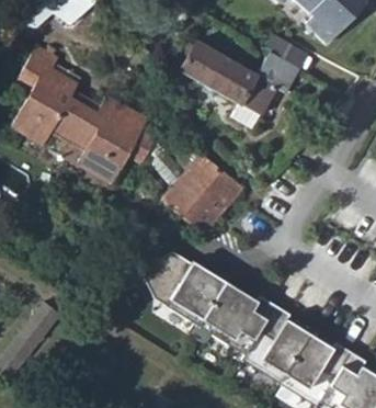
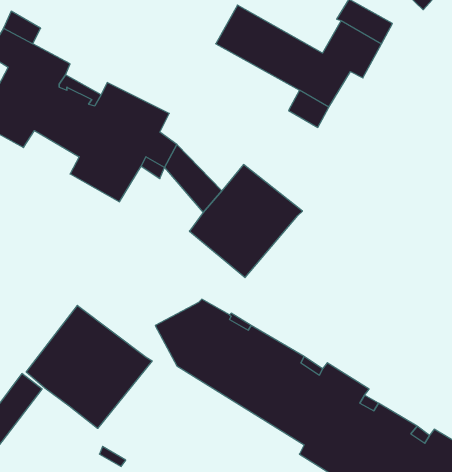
building: none -> [26,305,152,428]

